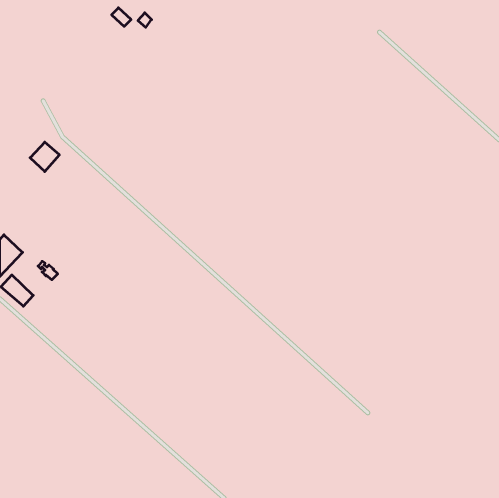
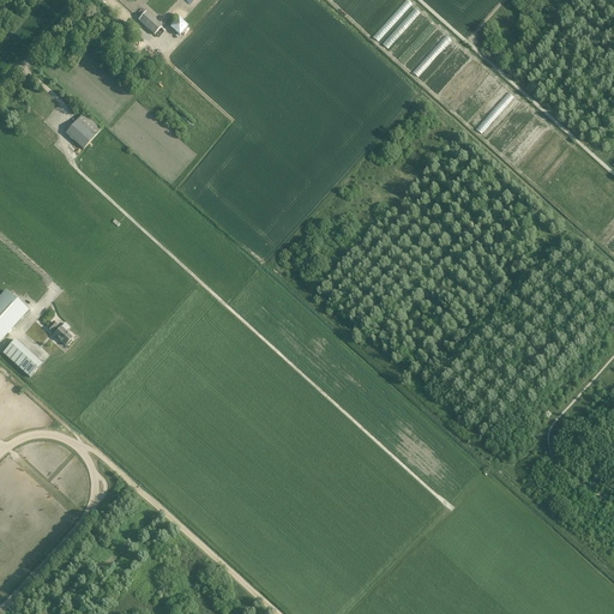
building: [30,142,59,172] -> [64,112,100,148]

